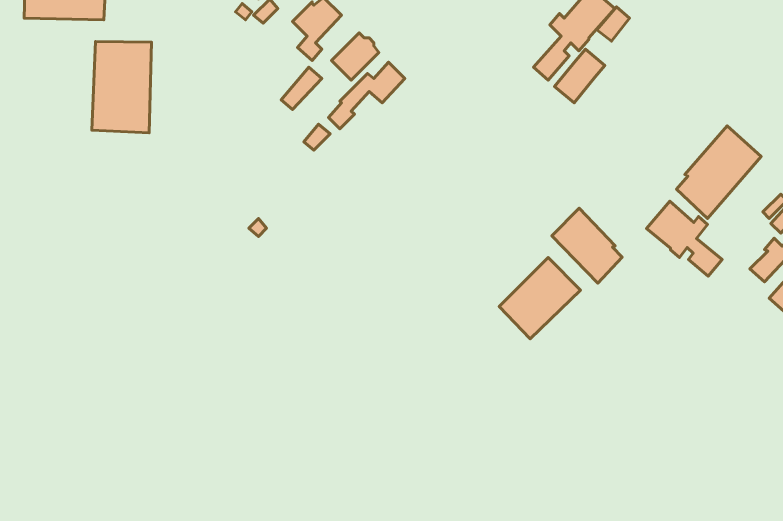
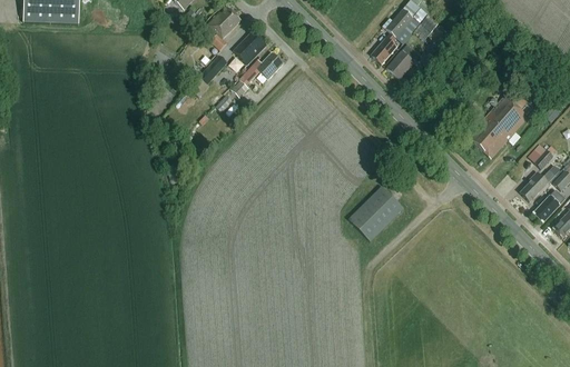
building: [92,41,151,133] -> none
building: [646,201,722,276] -> none
building: [552,208,622,283] -> none

